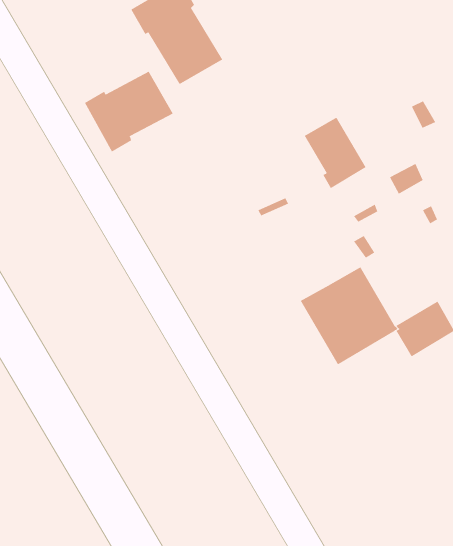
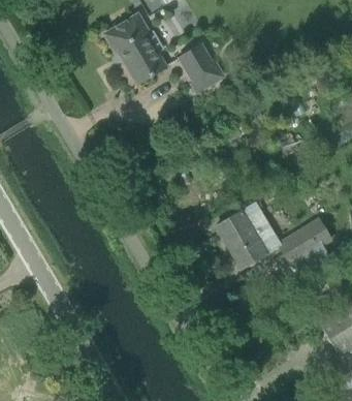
building: [84,71,173,152] -> none
building: [304,117,366,189] -> [179,45,220,93]

